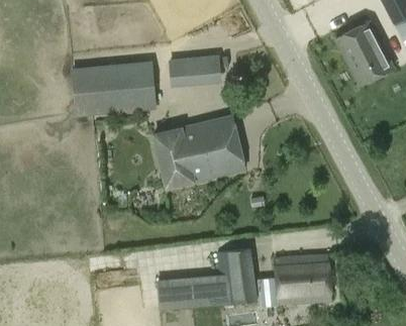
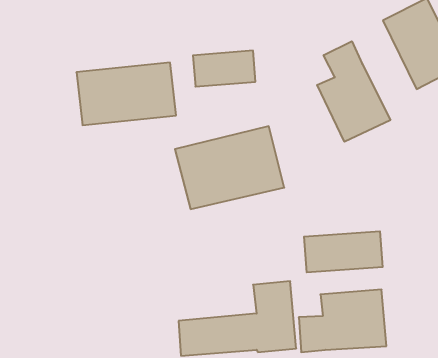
building: none -> [317,41,390,142]
building: none -> [304,231,383,272]

